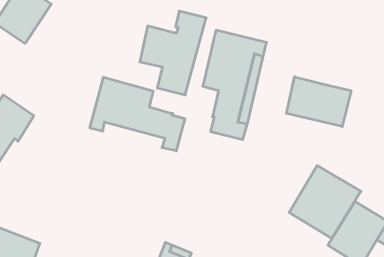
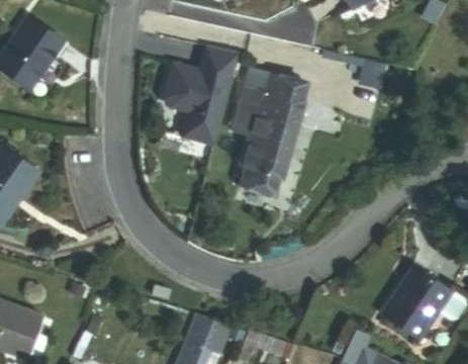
building: [286,77,351,127] -> none
building: [90,77,185,151] -> none
building: [289,166,361,239] -> none

